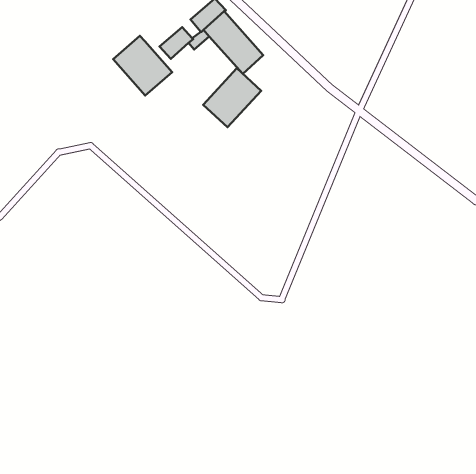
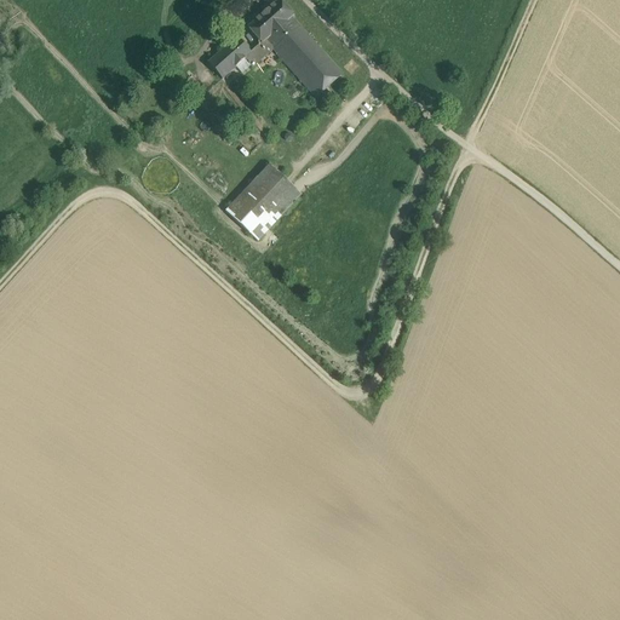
building: [113,36,172,96] -> none
building: [203,68,261,127] -> [225,162,300,239]

